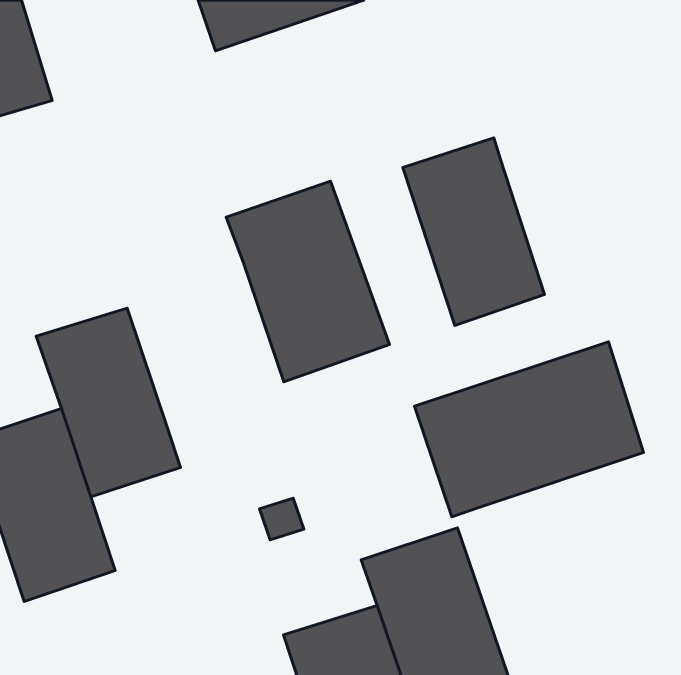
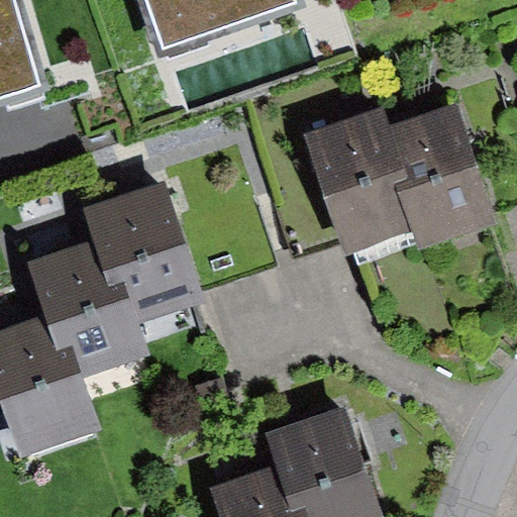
building: none -> [378,102,494,246]
building: [226,181,389,382] -> [83,178,206,329]
building: [414,342,644,517] -> none

